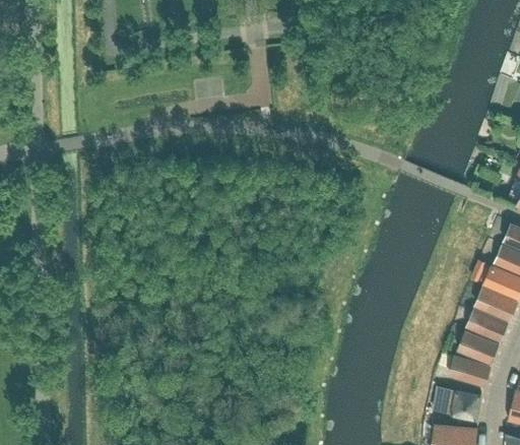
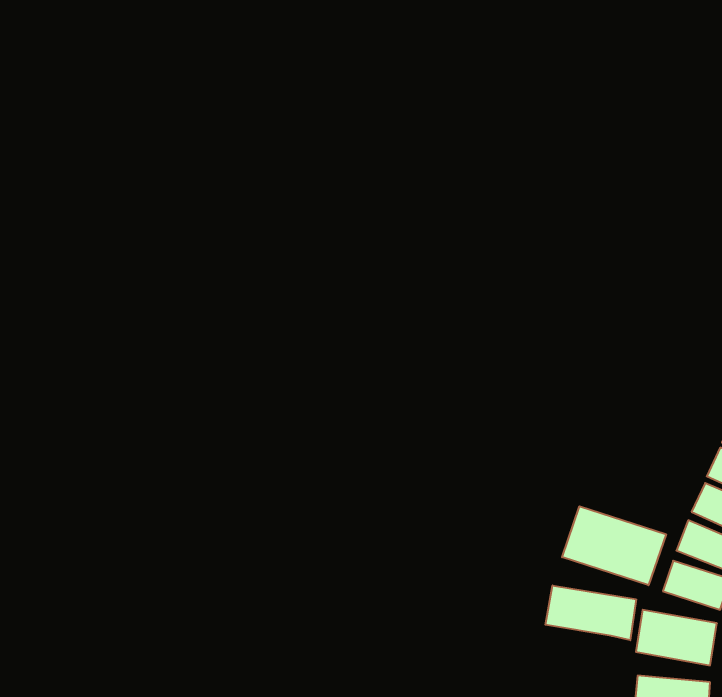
building: none -> [562,506,666,585]
building: none -> [545,585,636,640]

